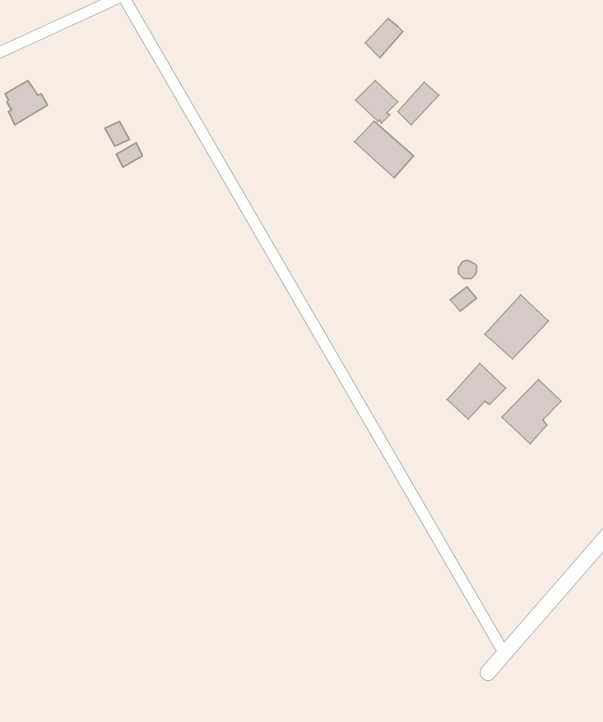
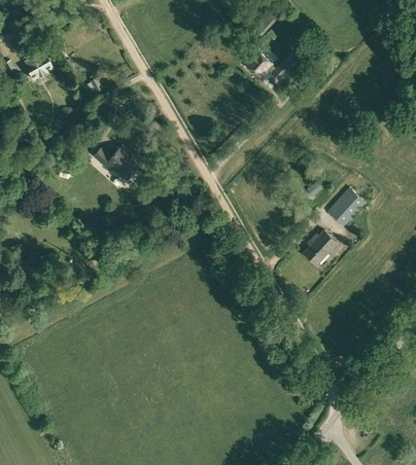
building: [354,121,414,178] -> none
building: none -> [92,145,147,180]
building: [502,379,561,444] -> none

